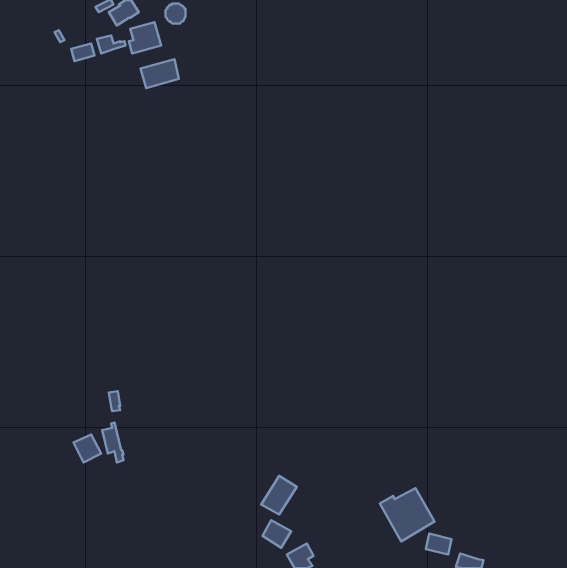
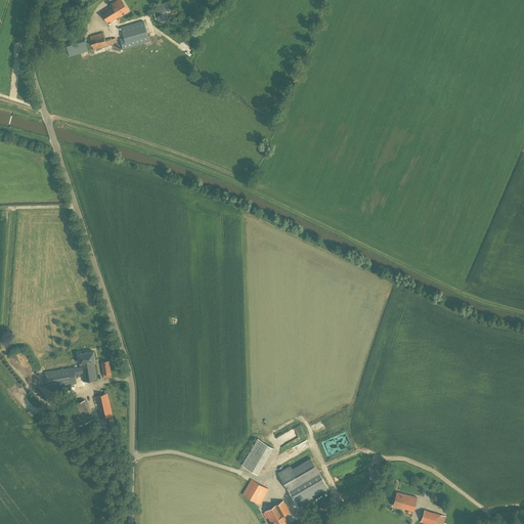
building: [141,59,179,88] -> none
building: none -> [55,351,96,387]
building: [380,488,434,541] -> [277,458,328,508]

